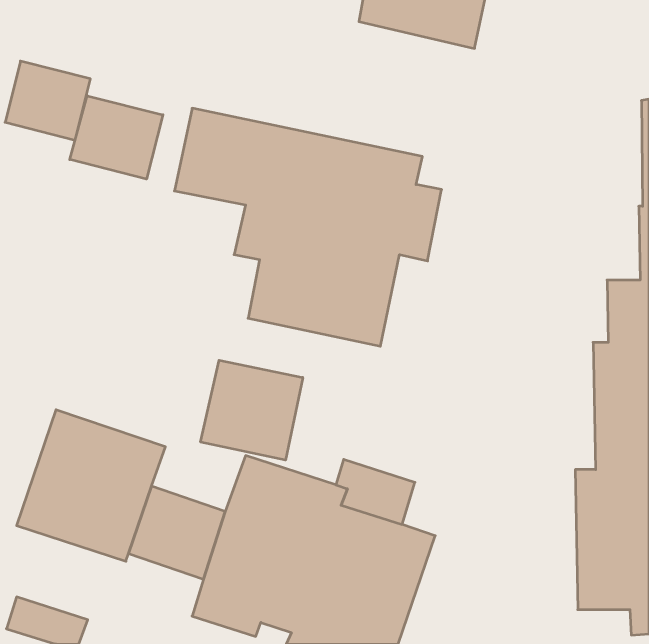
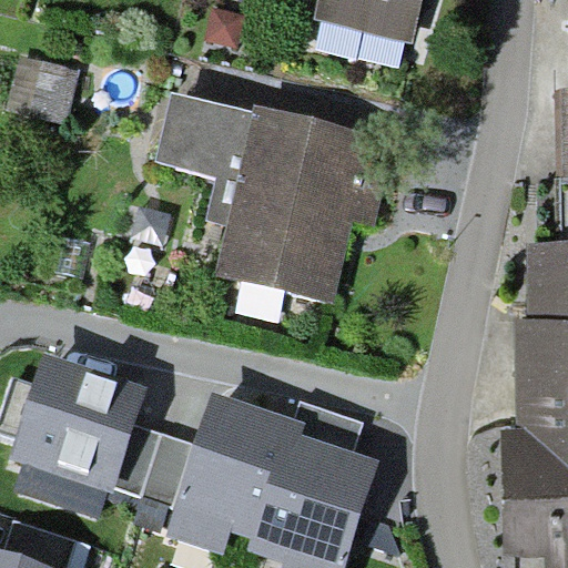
building: [70,96,163,179] -> none
building: [201,360,303,460] -> none

